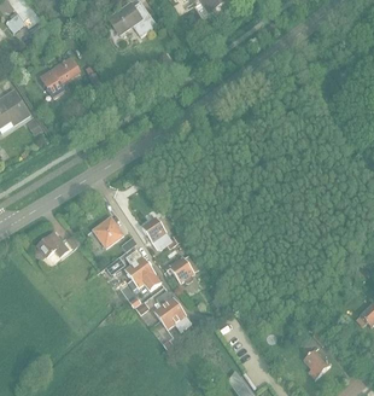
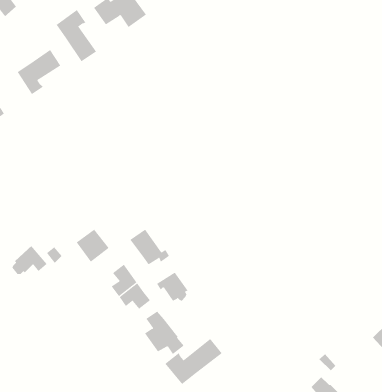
building: none -> [56,9,97,62]
building: none -> [164,338,223,385]

